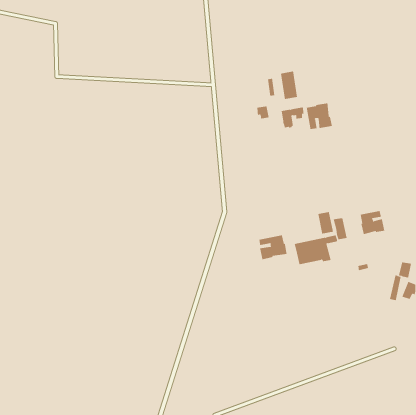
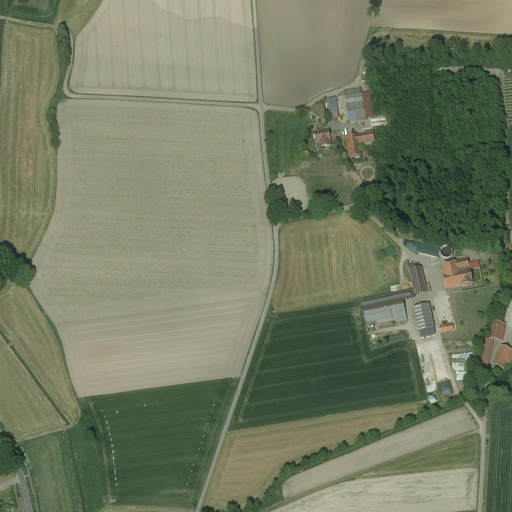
building: [306,103,332,130] -> none
building: [317,211,334,234] -> [414,302,434,330]
building: [259,234,287,260] -> none

